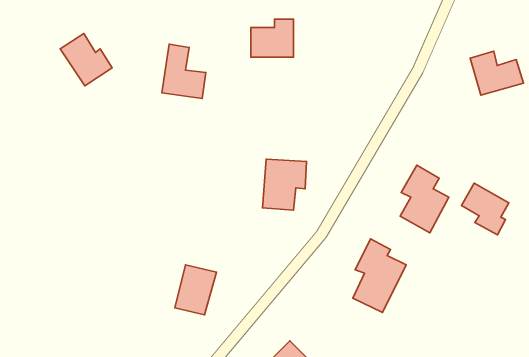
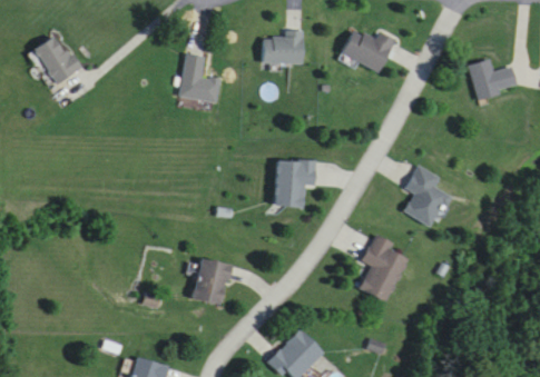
building: none -> [342,28,396,72]
building: [60,33,112,86] -> [32,34,81,83]
building: [461,183,509,235] -> none

